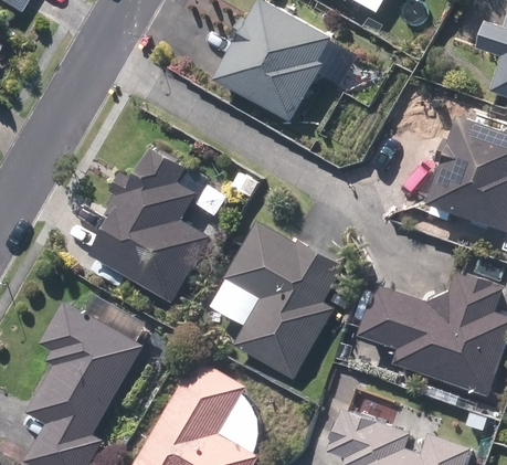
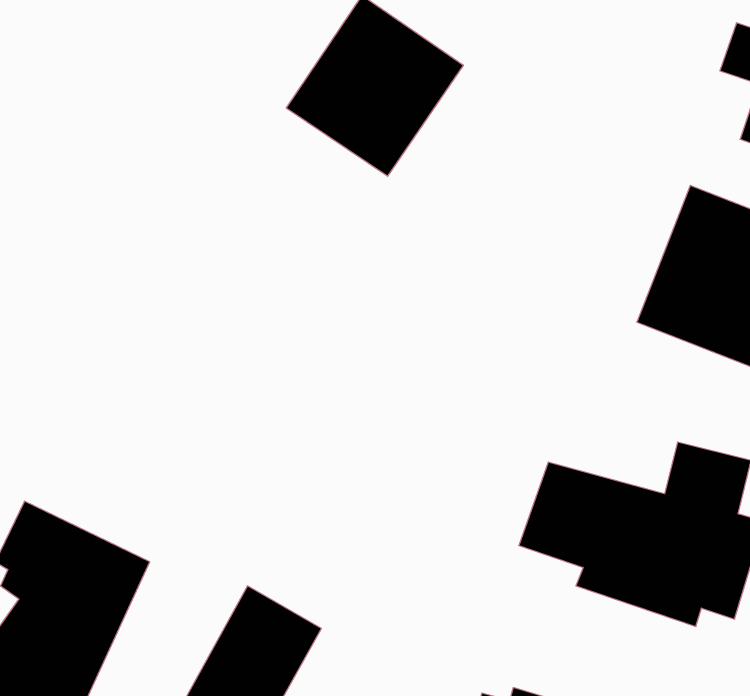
building: [87,148,202,302] -> none
building: [229,222,346,373] -> none

